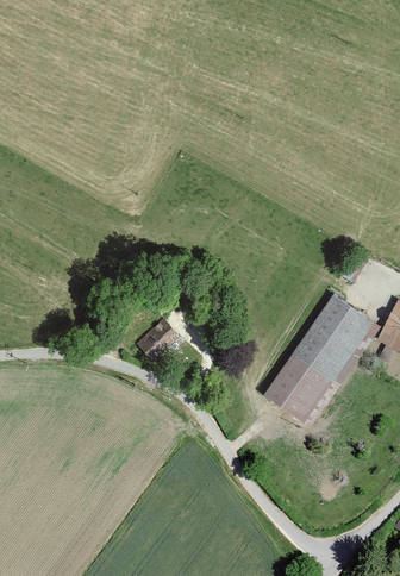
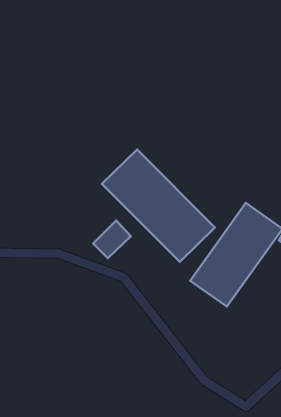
building: none -> [102,149,215,262]

